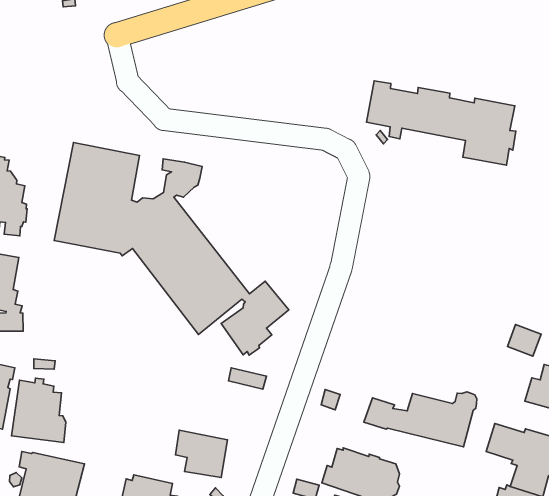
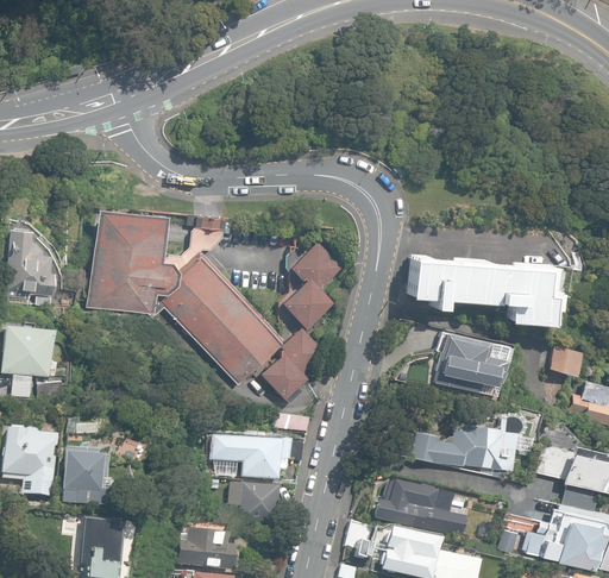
building: [367,81,516,165] -> [408,253,557,323]
building: none -> [282,241,343,329]
building: none -> [437,332,509,396]
building: none -> [212,435,306,480]

